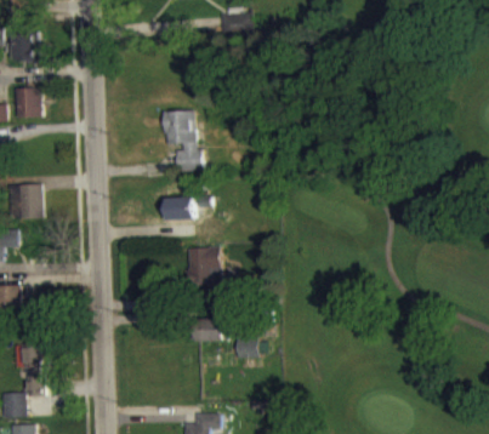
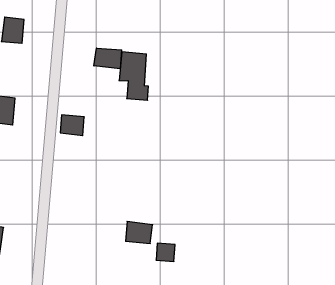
building: none -> [94,48,122,69]
building: [165,196,194,219] -> [60,115,84,136]
building: [187,247,222,290] -> none

